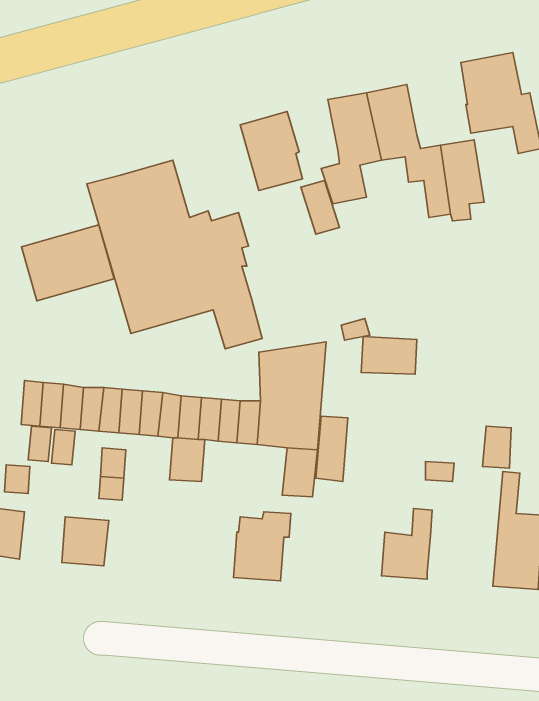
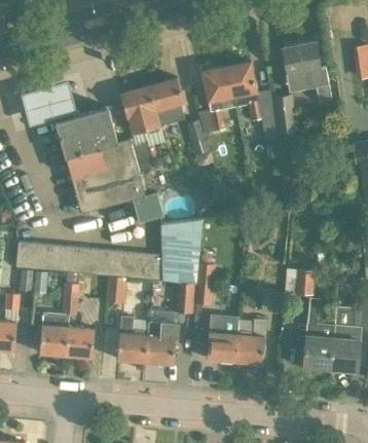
building: none -> [120,86,159,135]
building: [22,225,114,301] -> [19,84,75,131]
building: [361,337,417,374] -> none
building: none -> [116,317,146,363]
building: none -> [207,317,236,362]
building: none -> [65,328,94,358]

